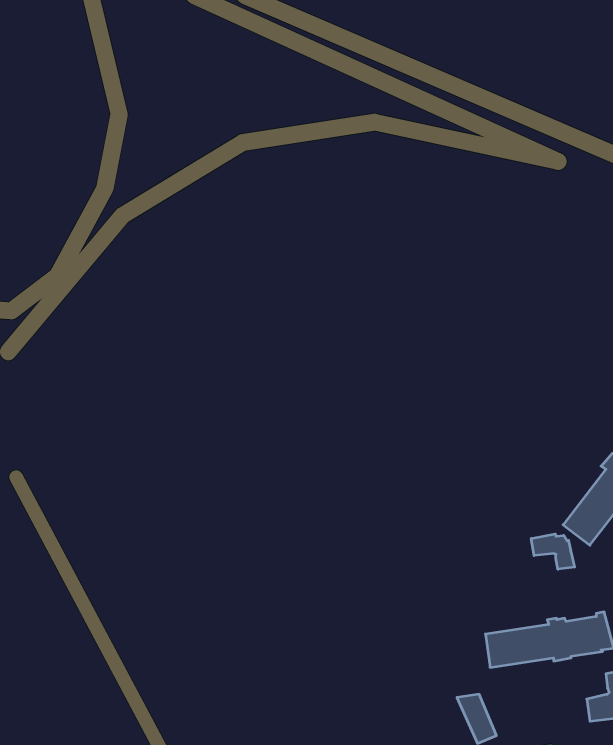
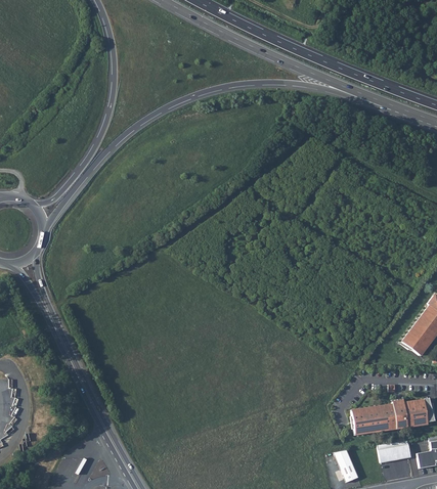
building: [531,534,575,569] -> none
building: none -> [377,441,410,463]

